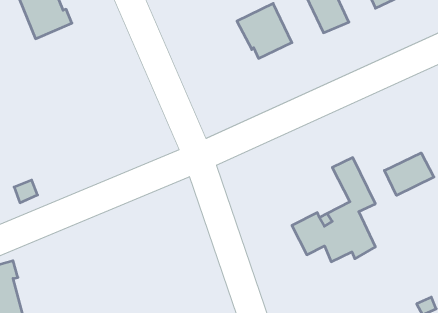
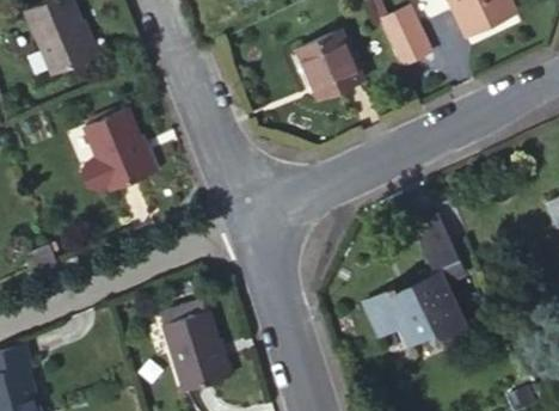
building: none -> [80,110,156,190]
building: [384,153,434,195] -> none
building: none -> [161,299,232,389]

